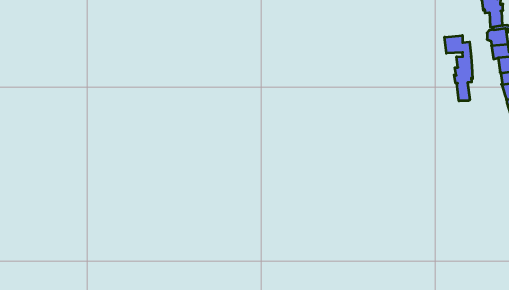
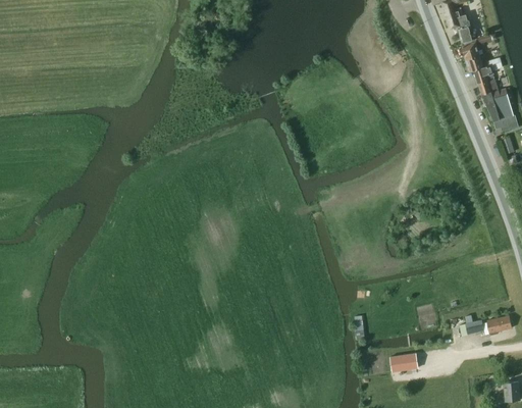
building: [445,35,473,101] -> none

